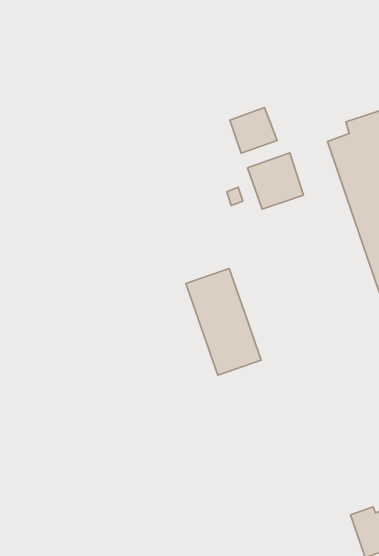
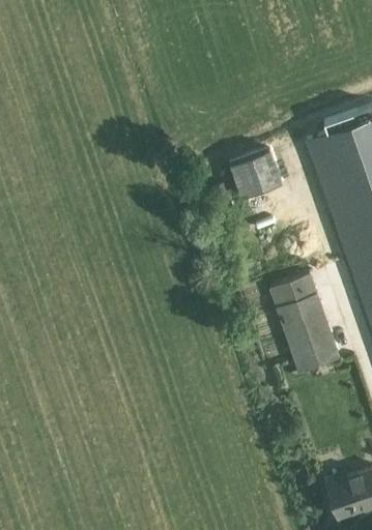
building: [230,107,277,153] -> none
building: [186,269,261,375] -> [273,275,341,372]

